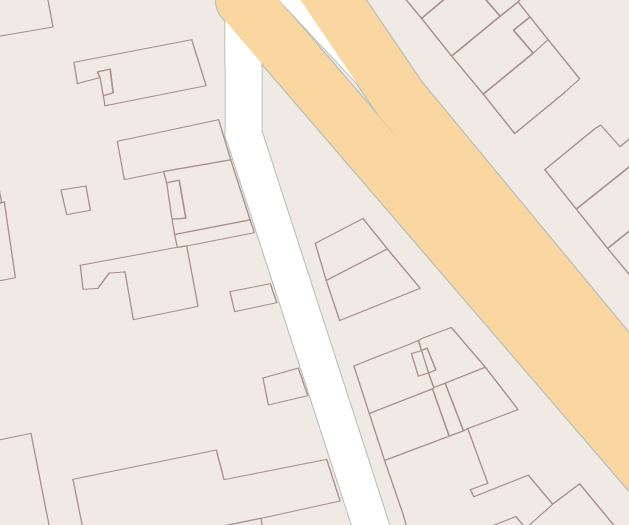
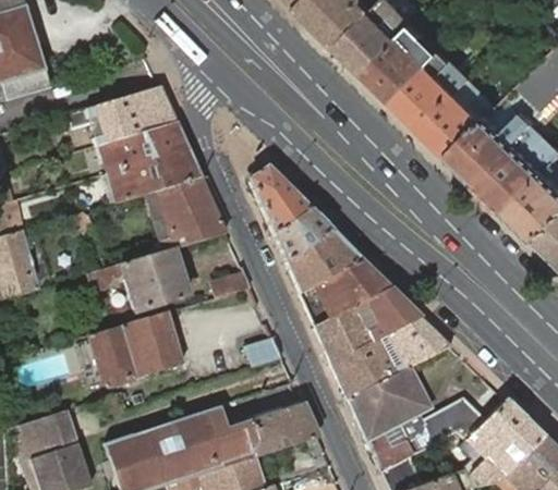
building: none -> [423,81,498,156]
building: none -> [99,119,187,171]
building: none -> [250,168,311,234]
building: none -> [301,260,390,319]
building: none -> [90,310,184,385]

